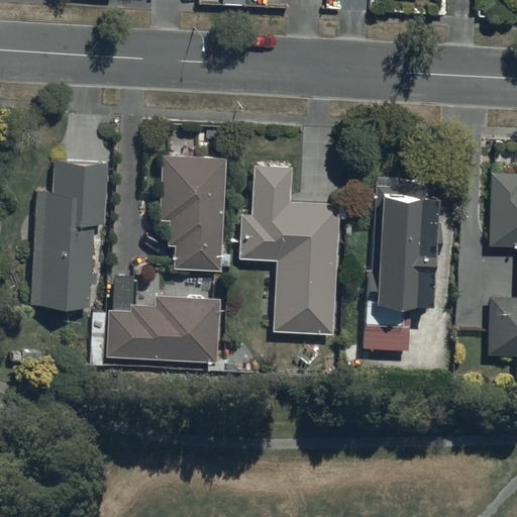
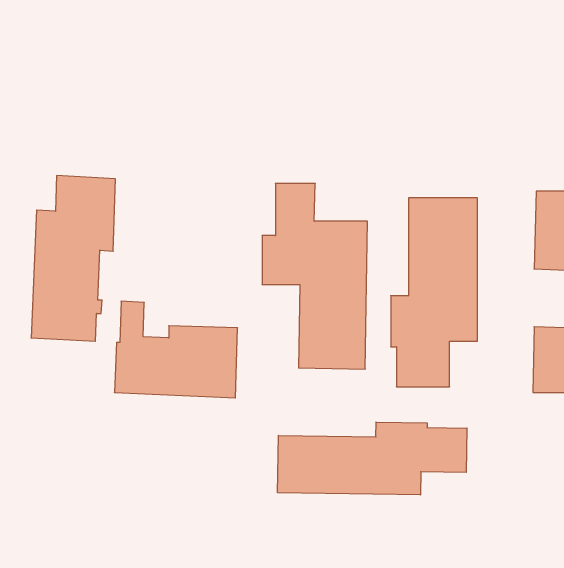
building: [161,157,224,271] -> none
building: none -> [278,422,467,495]

